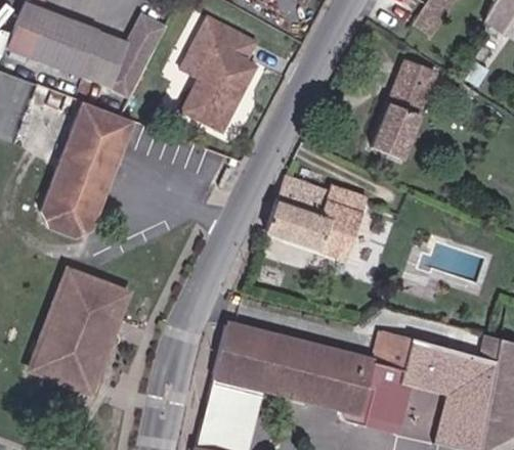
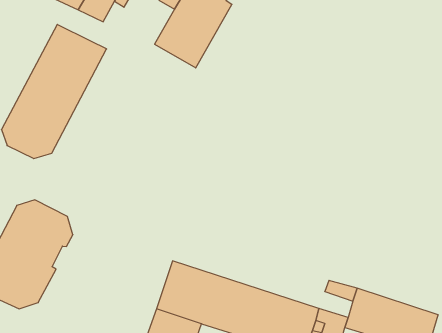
building: [365,62,427,162] -> none
building: [260,173,363,258] -> none

